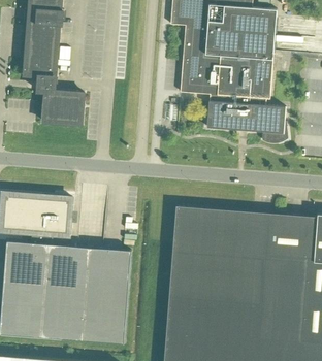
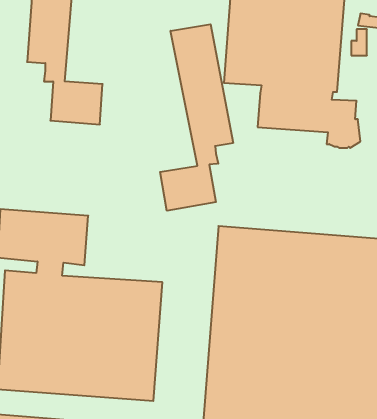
building: none -> [160,24,233,211]

